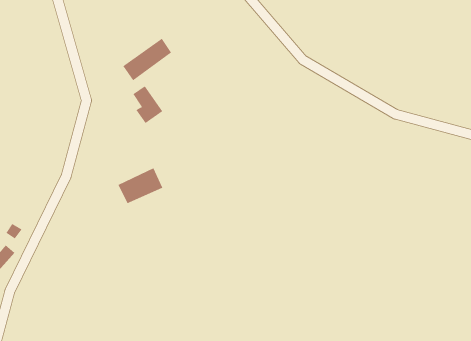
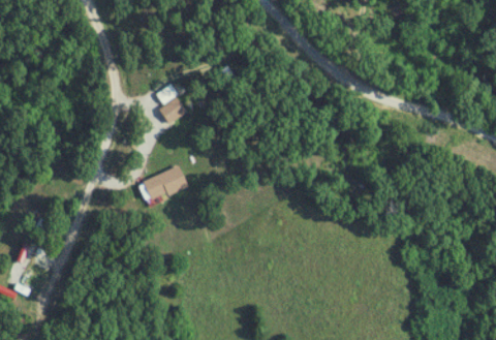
building: [122,38,172,81] -> none

